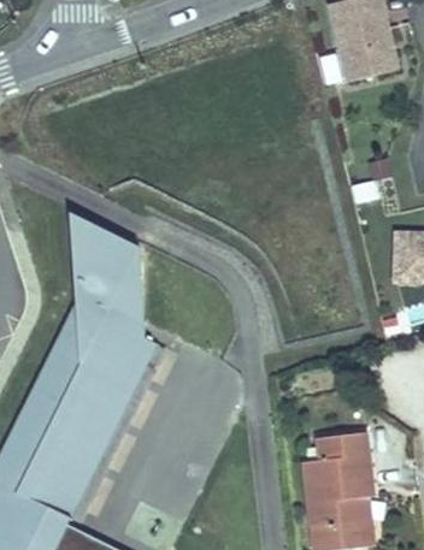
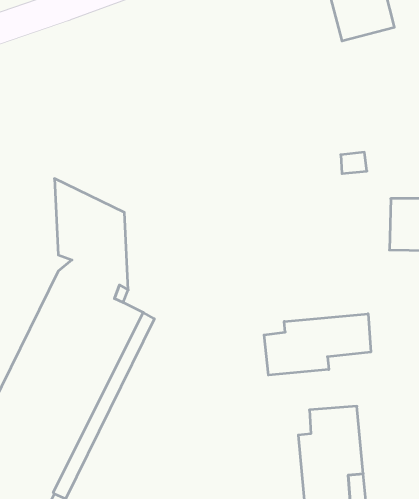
building: none -> [264,314,371,375]

